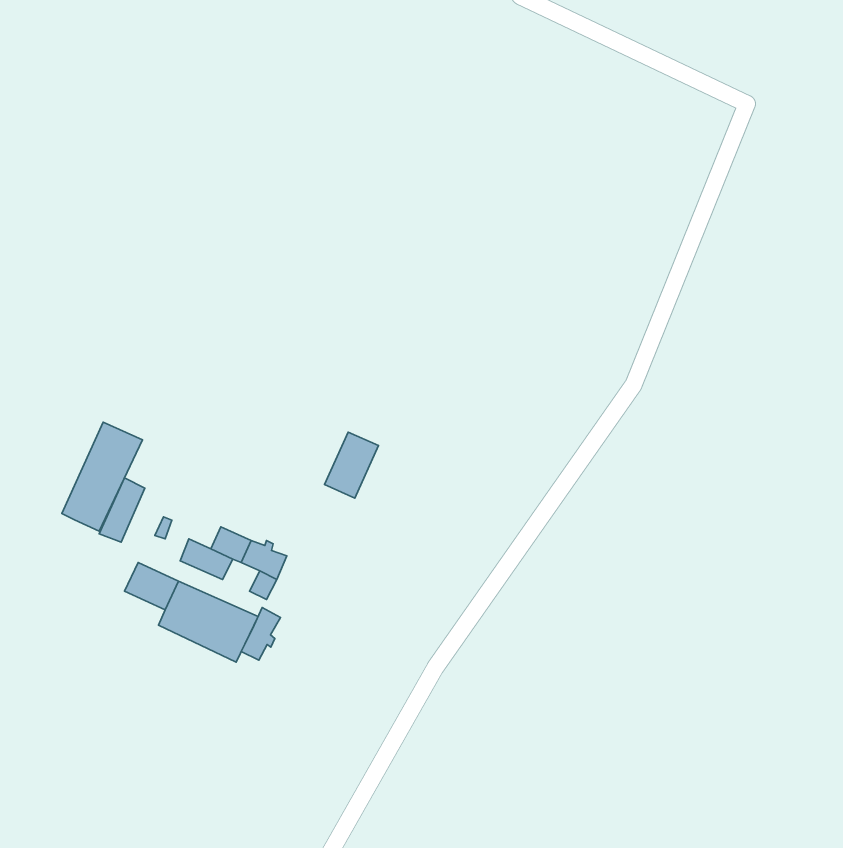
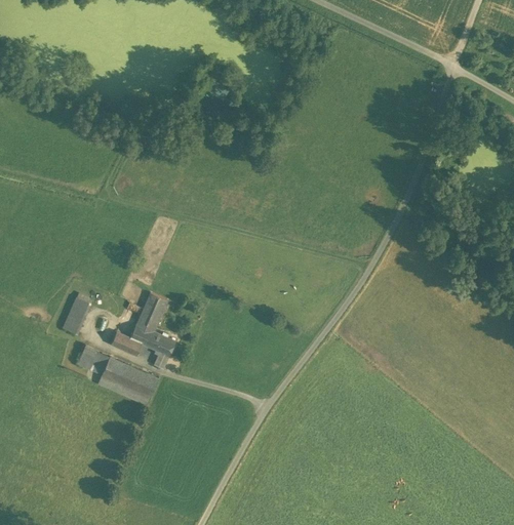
building: [62,422,143,531] -> none
building: [325,432,379,498] -> [135,292,168,332]
building: [241,607,280,660] -> none

